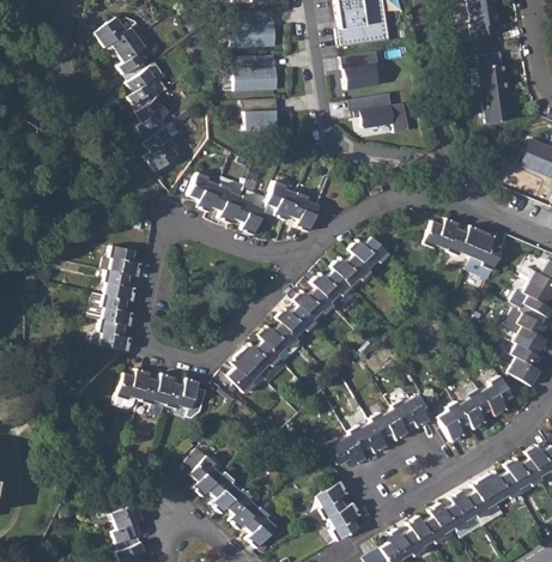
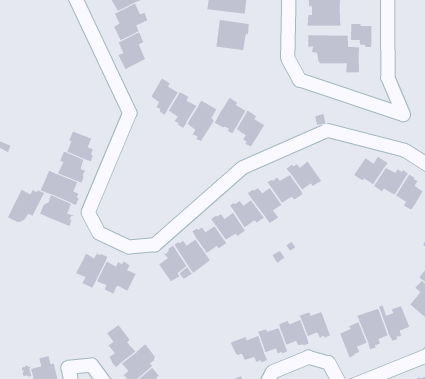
building: none -> [351,23,372,48]
building: [114,368,150,409] -> [7,187,45,223]

